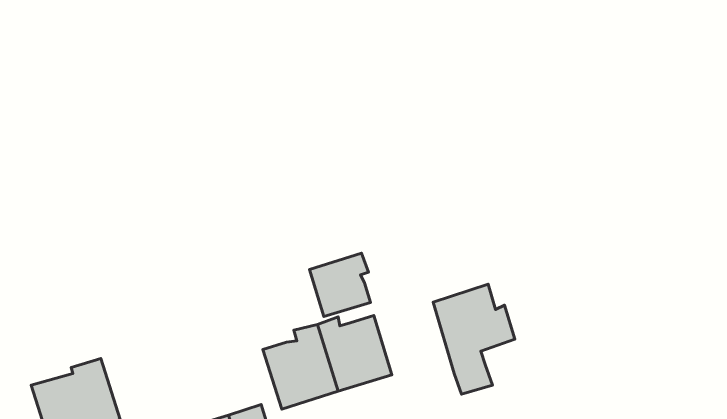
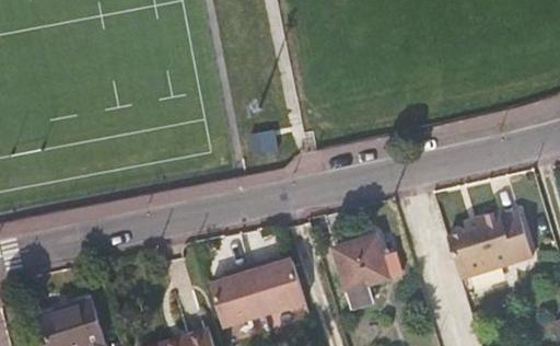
building: none -> [447,212,530,279]
building: [309,253,371,316] -> none

